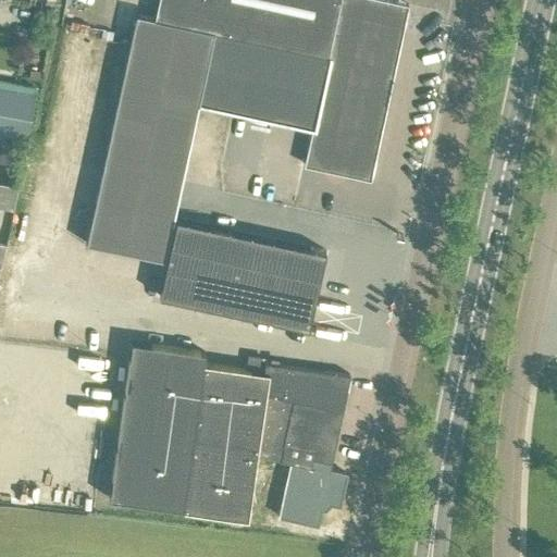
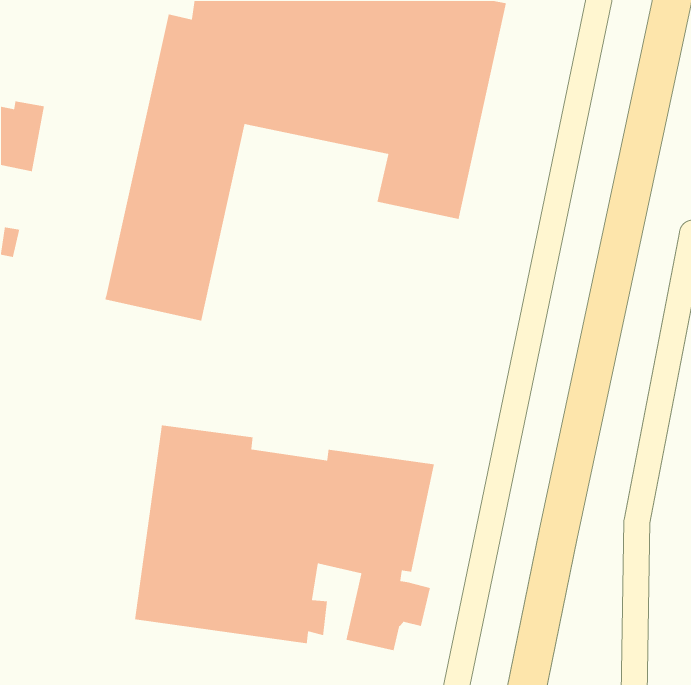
building: [164,219,329,331] -> none

